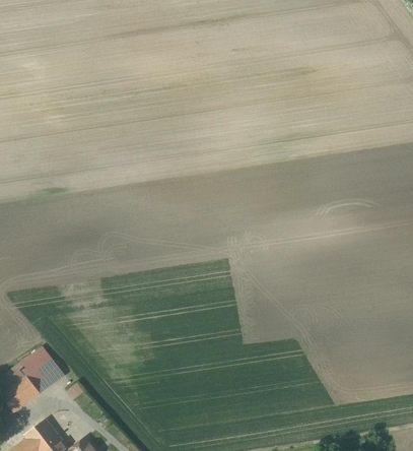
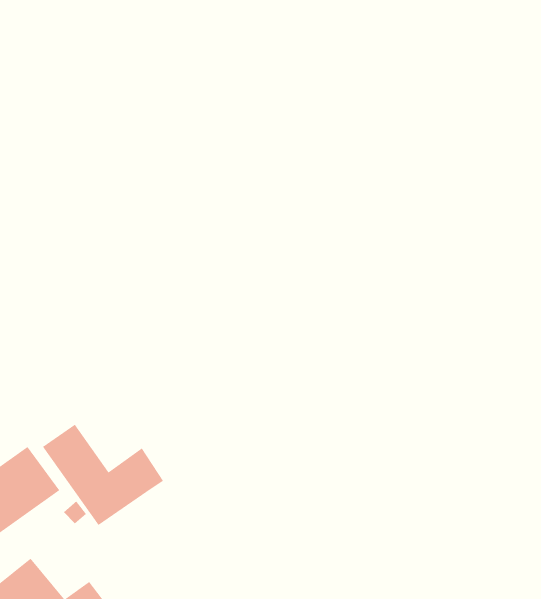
building: none -> [42,424,164,526]

